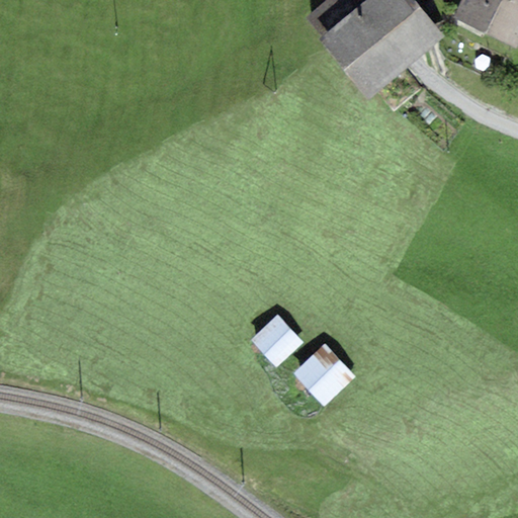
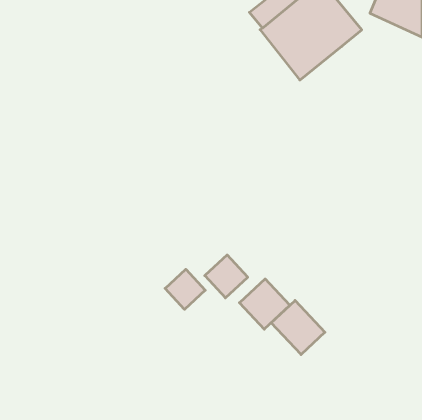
building: none -> [165,269,205,309]
building: none -> [271,300,325,355]

